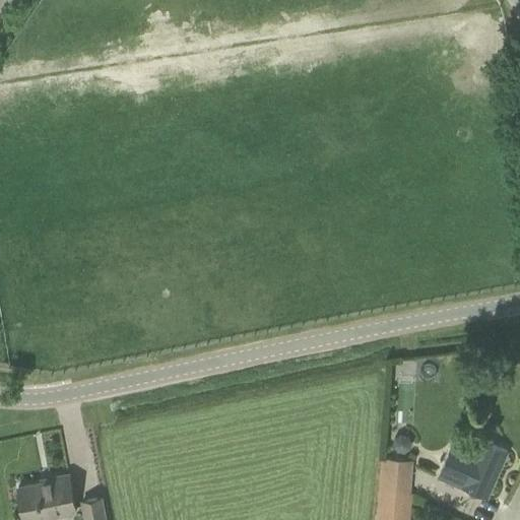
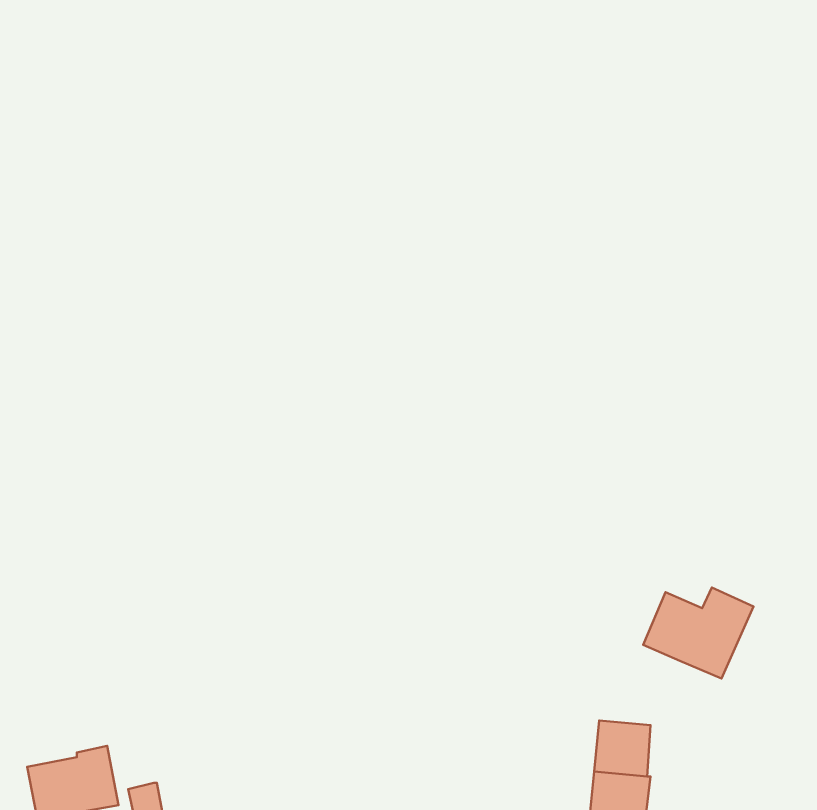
building: [437,444,507,502] -> [643,587,754,679]

